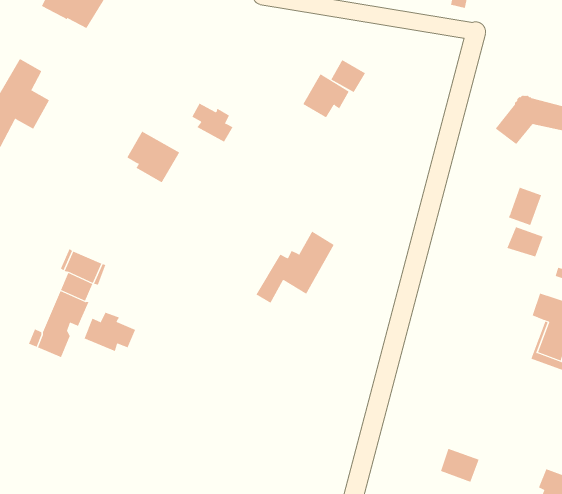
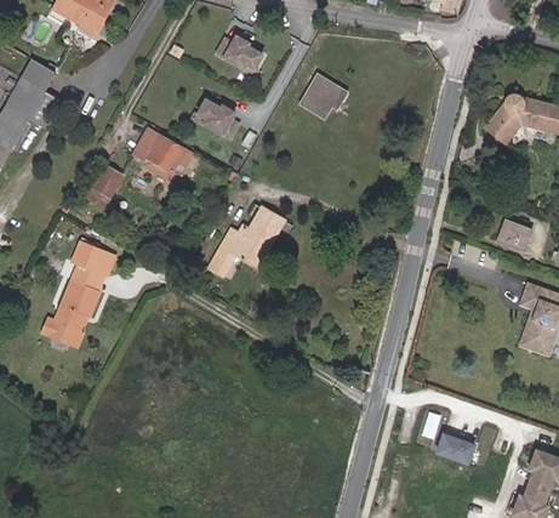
building: none -> [216,39,261,70]
building: [331,59,366,93] -> none
building: none -> [87,165,122,206]
building: [508,187,542,226] -> none
building: [256,231,335,304] -> [209,206,284,275]
building: [84,312,136,352] -> none

